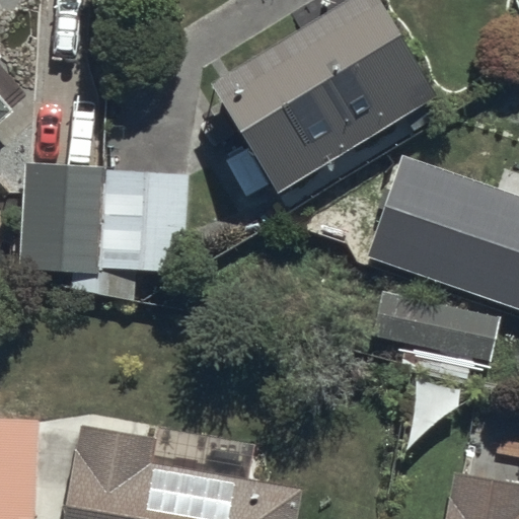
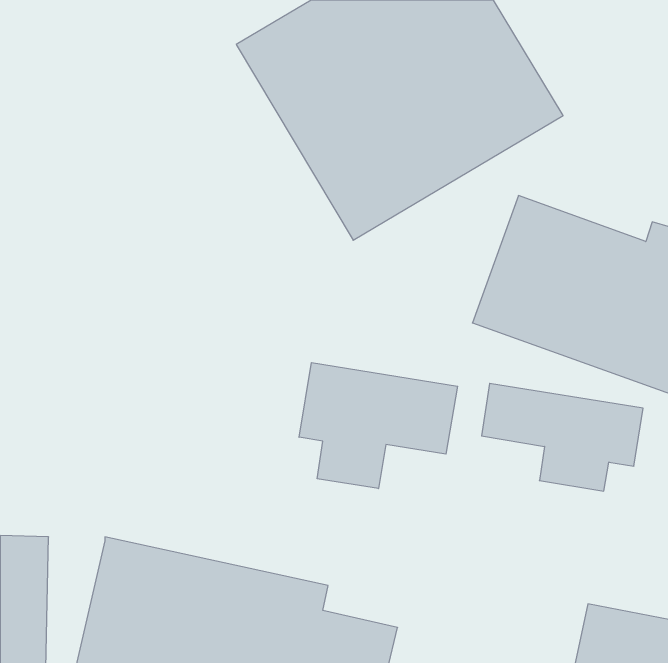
building: [20,164,188,304] -> none
building: none -> [299,363,458,489]

